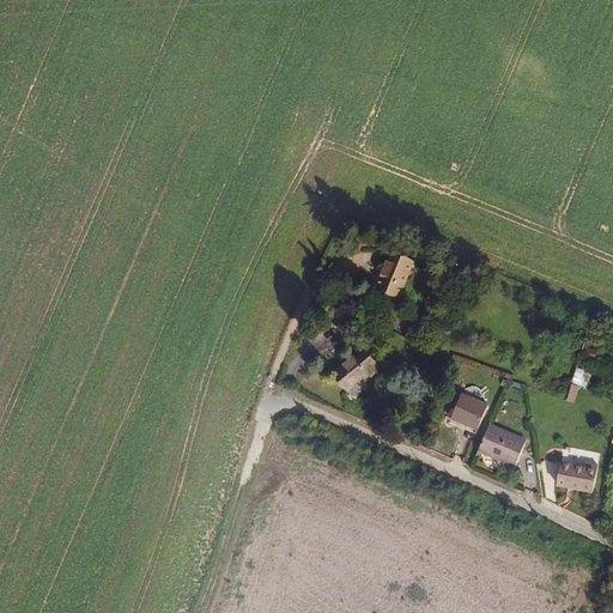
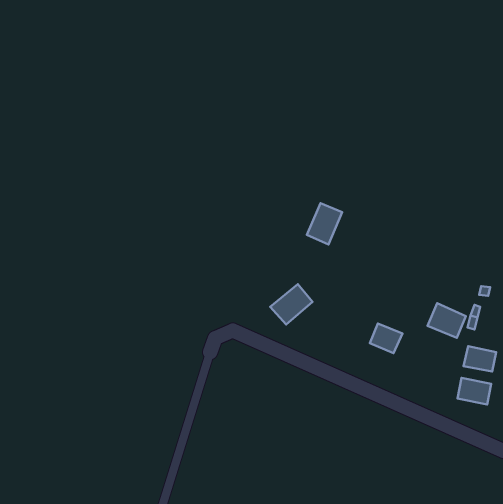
building: none -> [463,346,496,372]
building: [478,424,524,466] -> [427,303,466,338]

